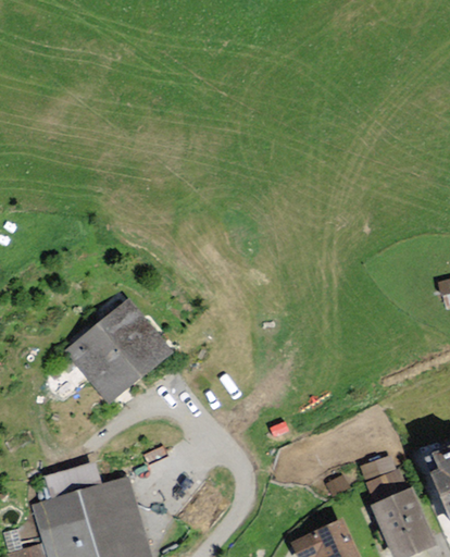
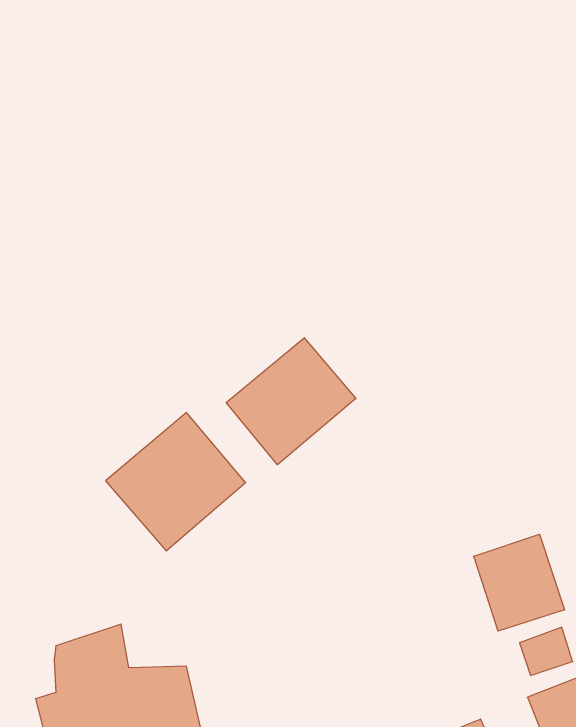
building: none -> [226,338,356,465]
building: none -> [474,534,565,631]

